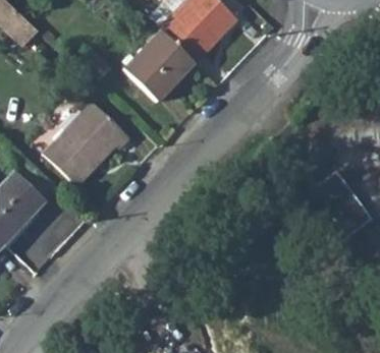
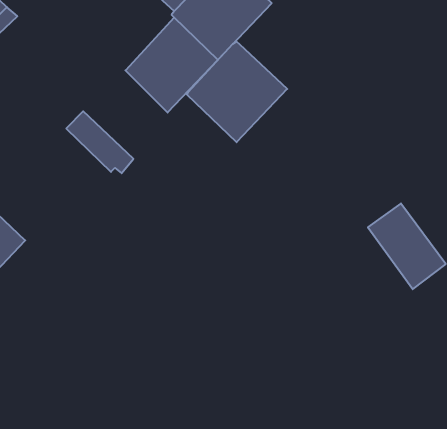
building: none -> [187,41,287,142]
building: [43,116,112,186] -> none

